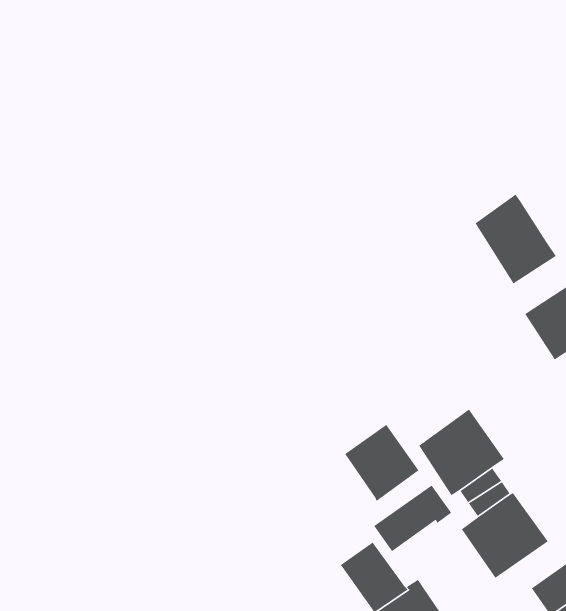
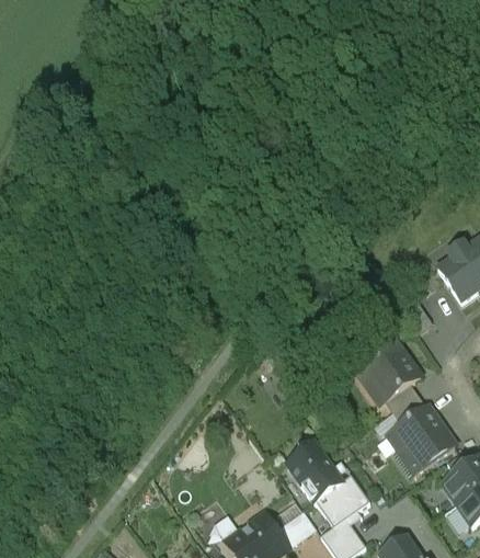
building: [475,194,557,284] -> none
building: [344,424,420,502] -> none
building: [373,485,452,552] -> none

